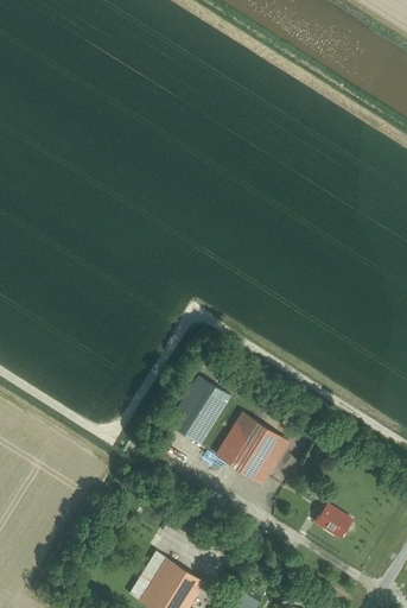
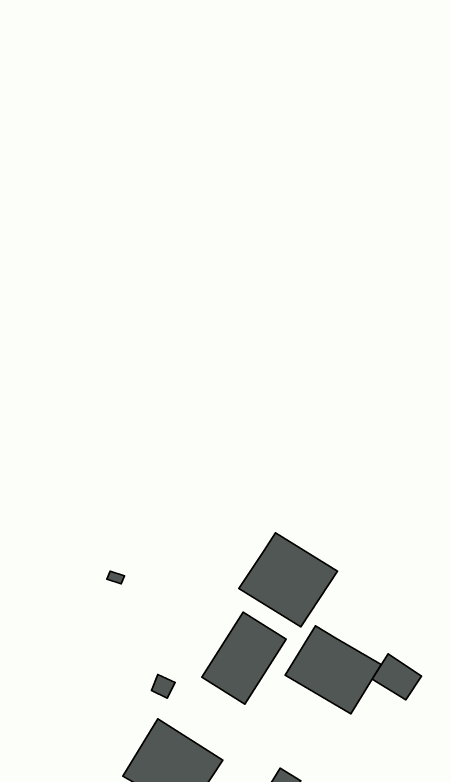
building: [168,375,231,444] -> [202,612,286,704]
building: none -> [285,626,381,714]

